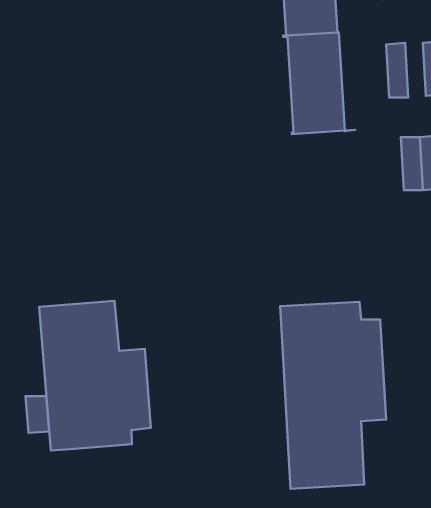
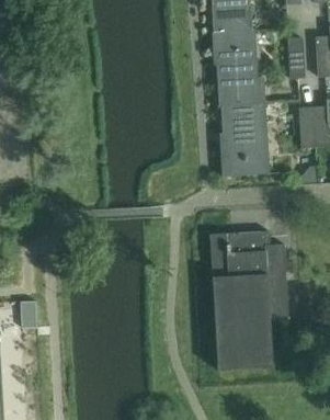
building: none -> [219,103,271,177]
building: [39,301,151,451] -> none

